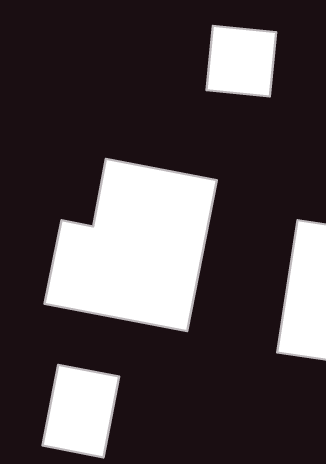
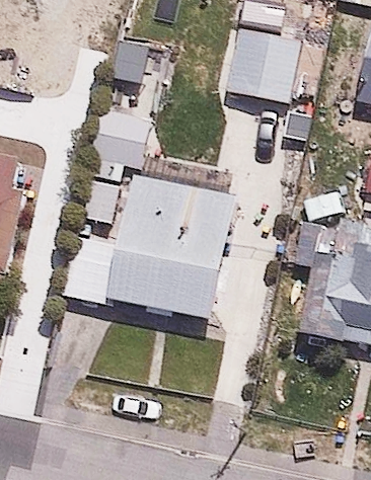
building: [42,365,119,457] -> none

